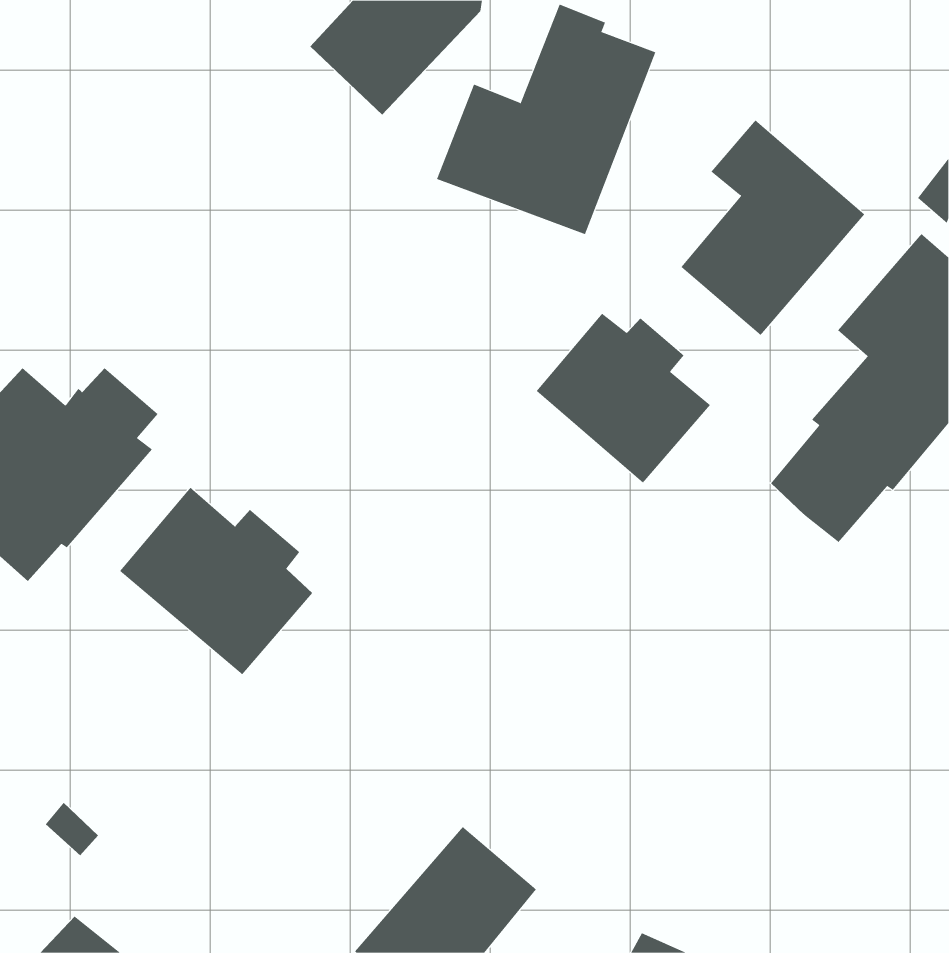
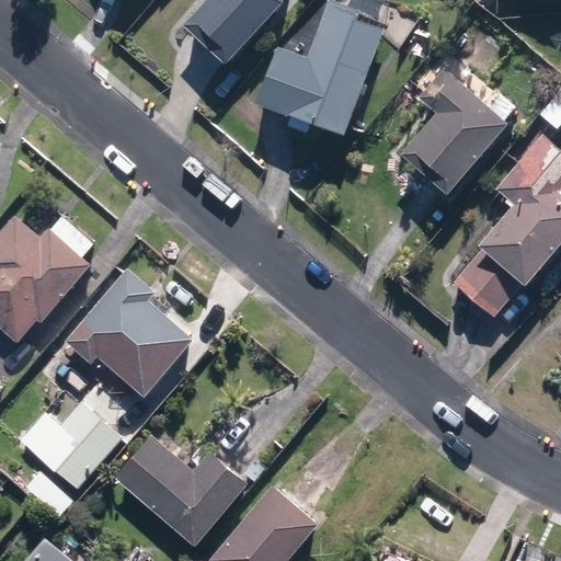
building: [536,313,711,483] -> none
building: none -> [35,401,122,489]
building: none -> [115,434,247,546]

